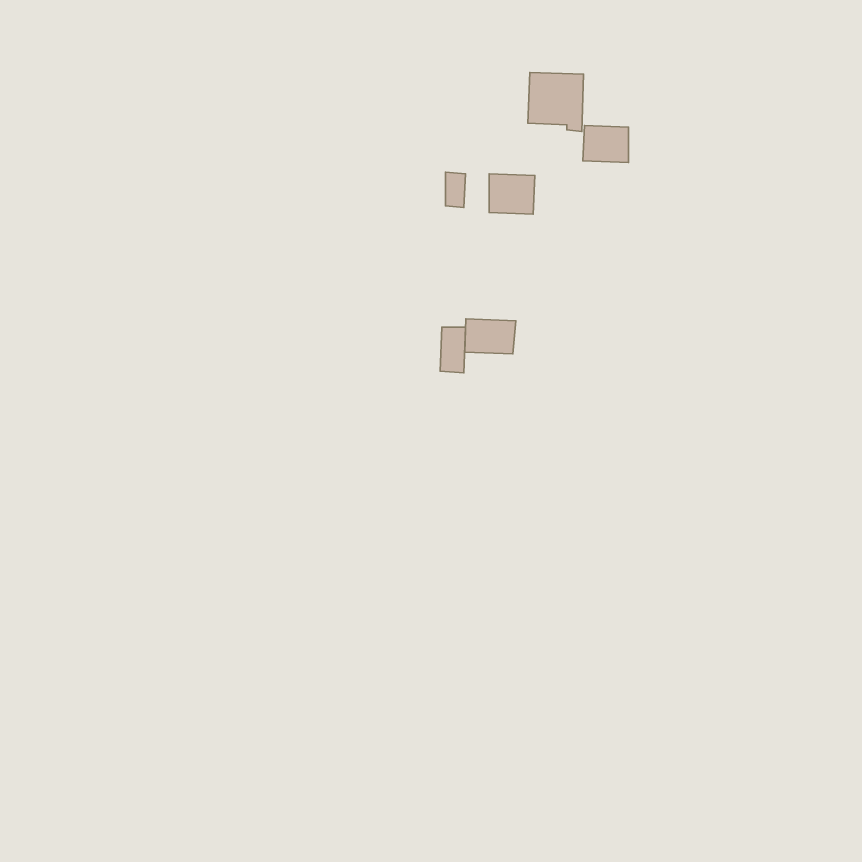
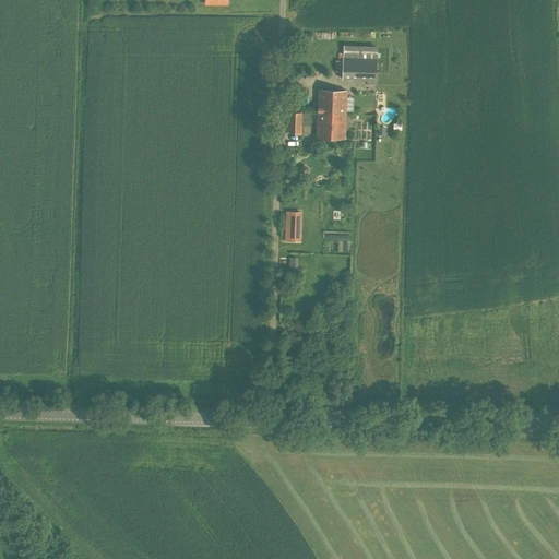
building: [583,125,628,162] -> [317,90,346,114]
building: [465,319,516,354] -> none

